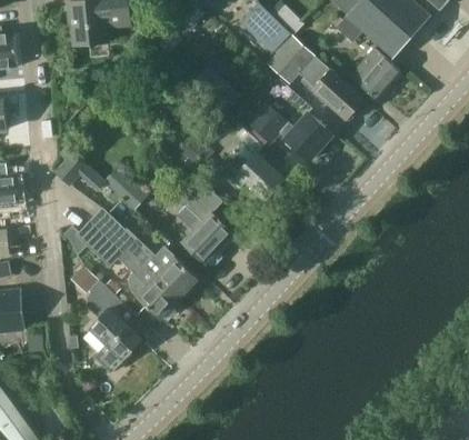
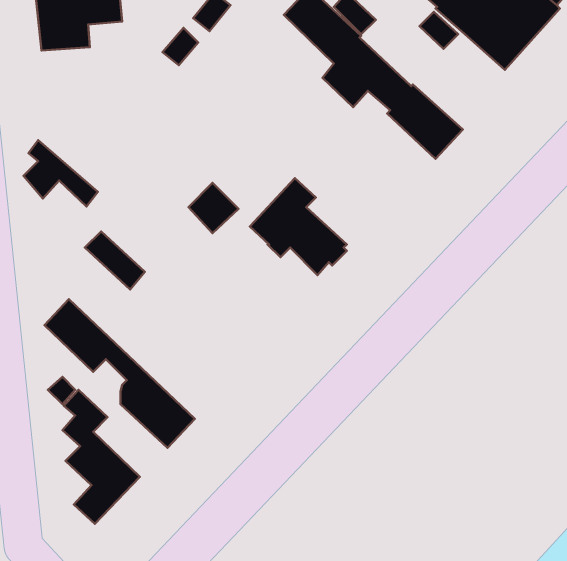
building: [350,48,402,100] -> none
building: [250,104,332,160] -> none
building: [54,148,106,193] -> [24,140,98,206]
building: [177,181,234,267] -> none
building: [93,209,199,299] -> none

